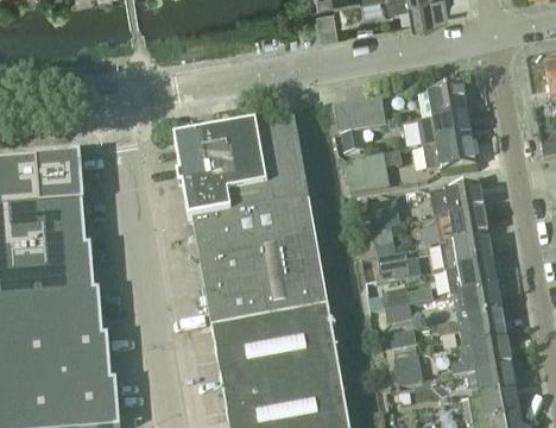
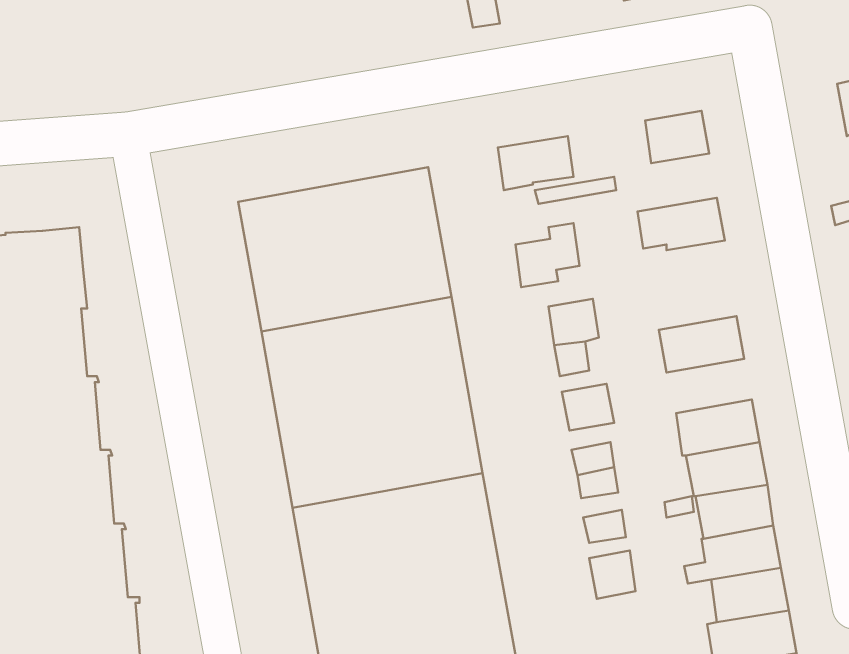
building: [418,113,472,149] -> none
building: [434,187,484,221] -> none
building: [440,239,493,273] -> none

